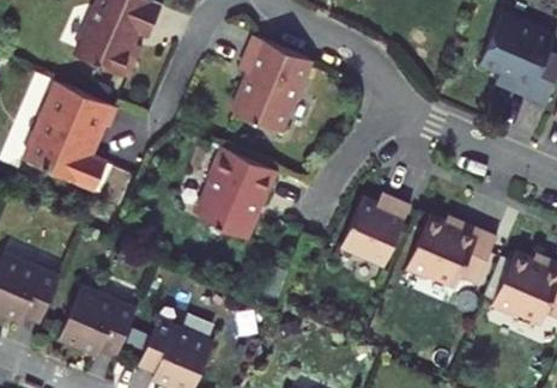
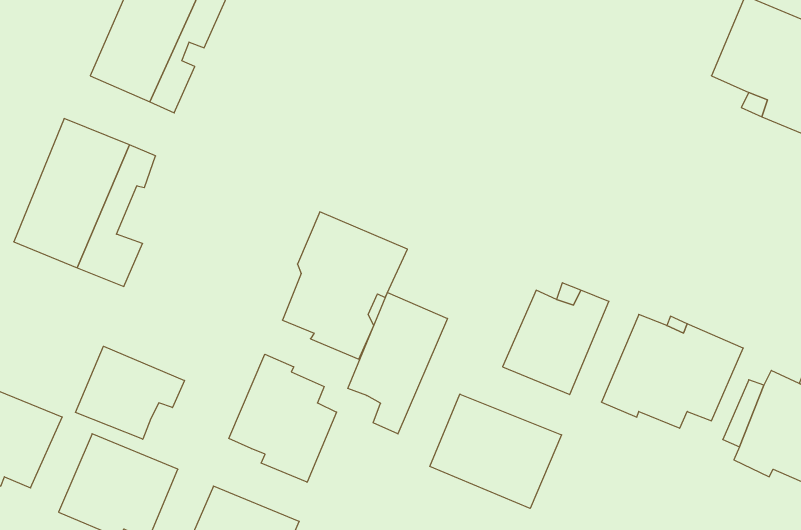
building: [235,37,315,134] -> none
building: none -> [348,292,447,434]
building: none -> [75,346,184,439]
building: none -> [229,354,337,482]
building: none -> [430,394,562,508]

